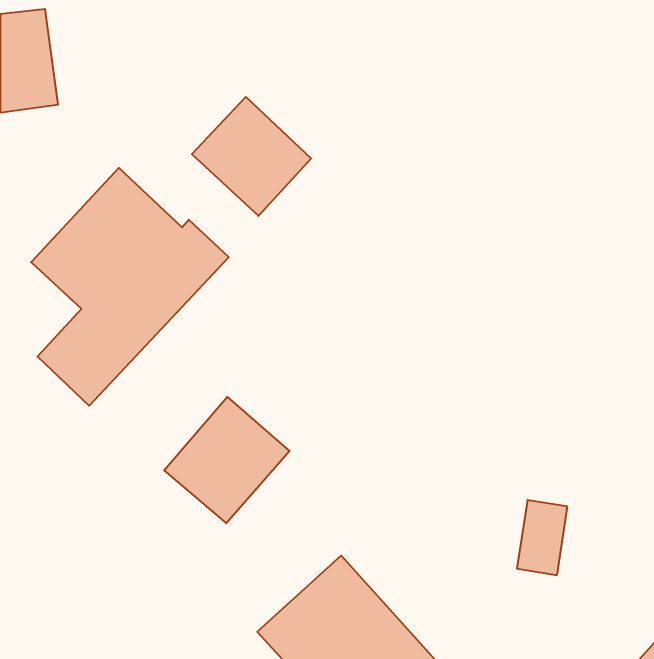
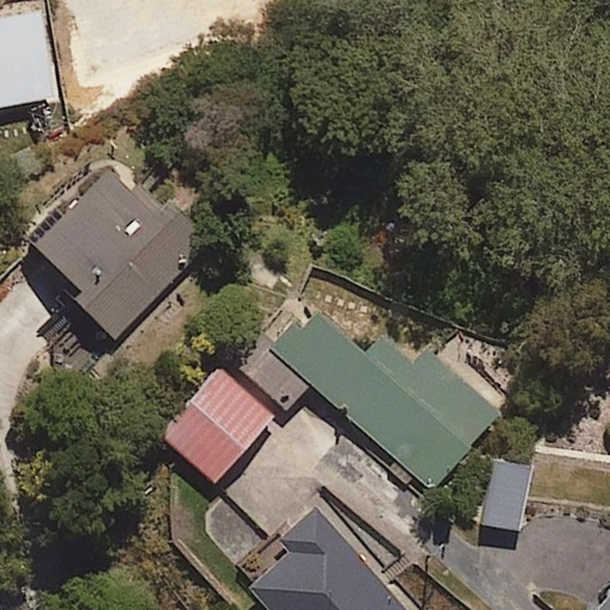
building: [192,97,311,216] -> none
building: none -> [226,290,498,491]

